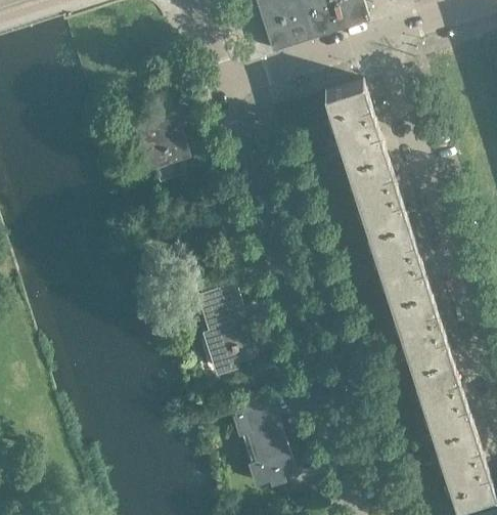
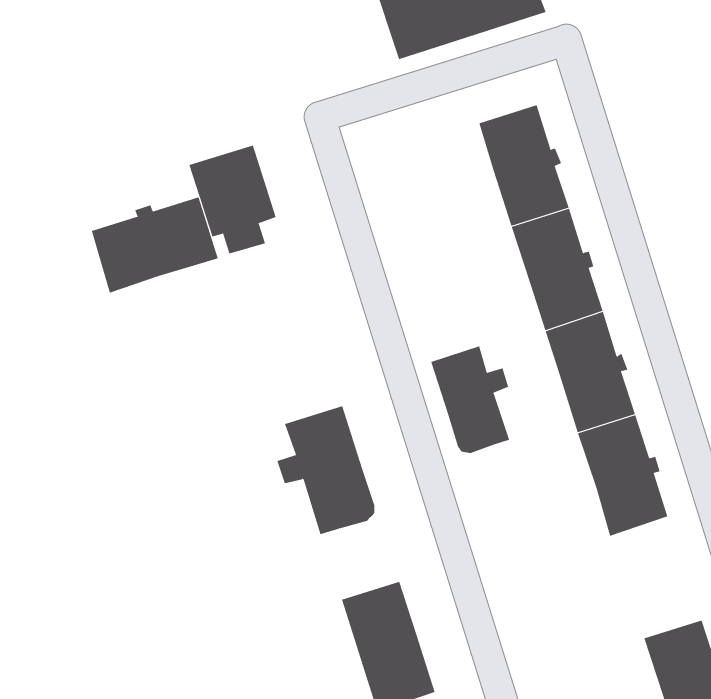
building: none -> [91,197,218,294]
building: none -> [430,346,510,454]
building: [410,355,471,436] -> none

